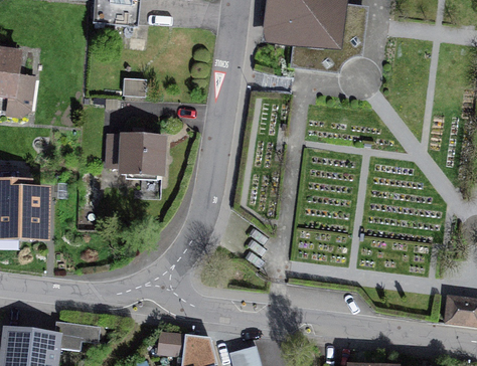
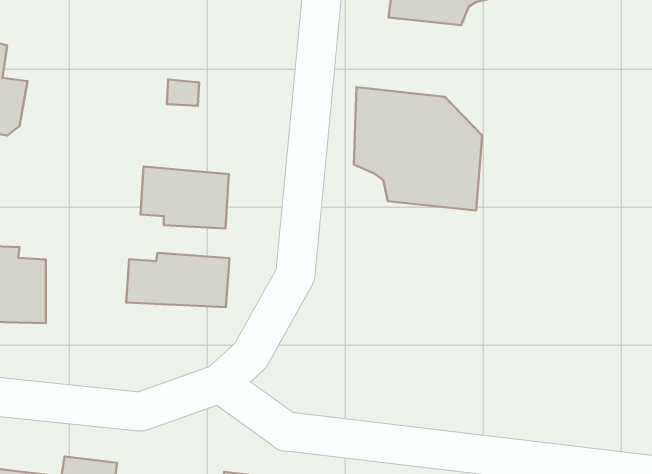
building: none -> [354,87,482,211]
building: none -> [126,253,230,307]

